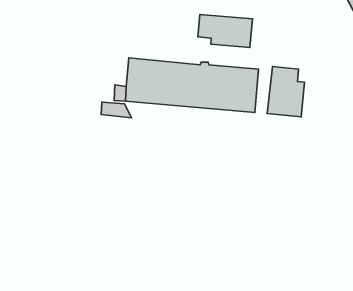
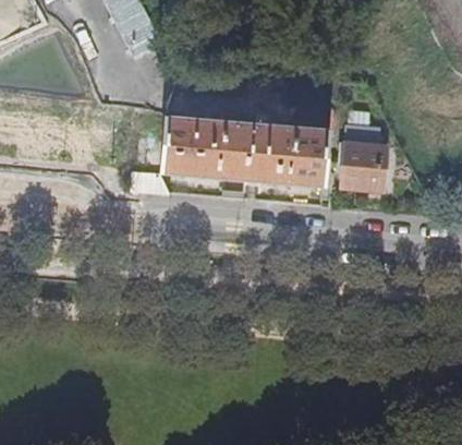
building: [198,14,252,48] -> none

